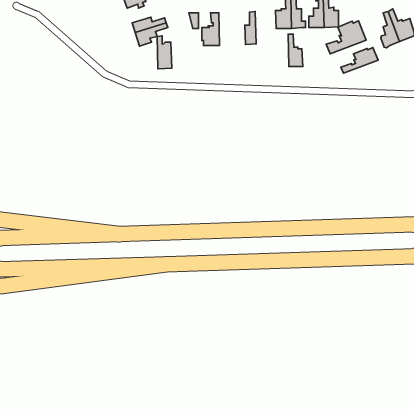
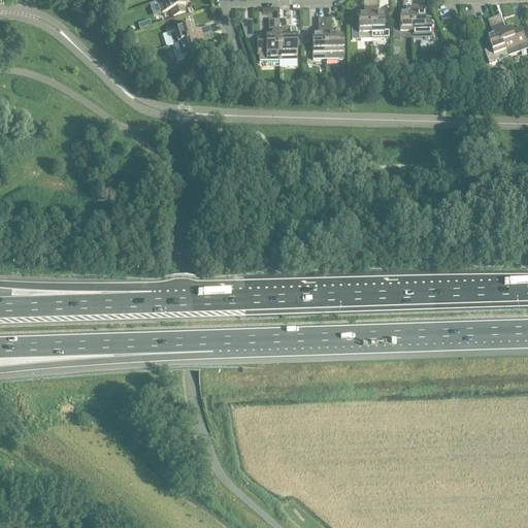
building: [326,21,366,54] -> none
building: [288,34,303,67] -> [325,14,343,56]
building: [157,36,172,69] -> [278,15,297,58]
building: [341,48,378,73] -> none

